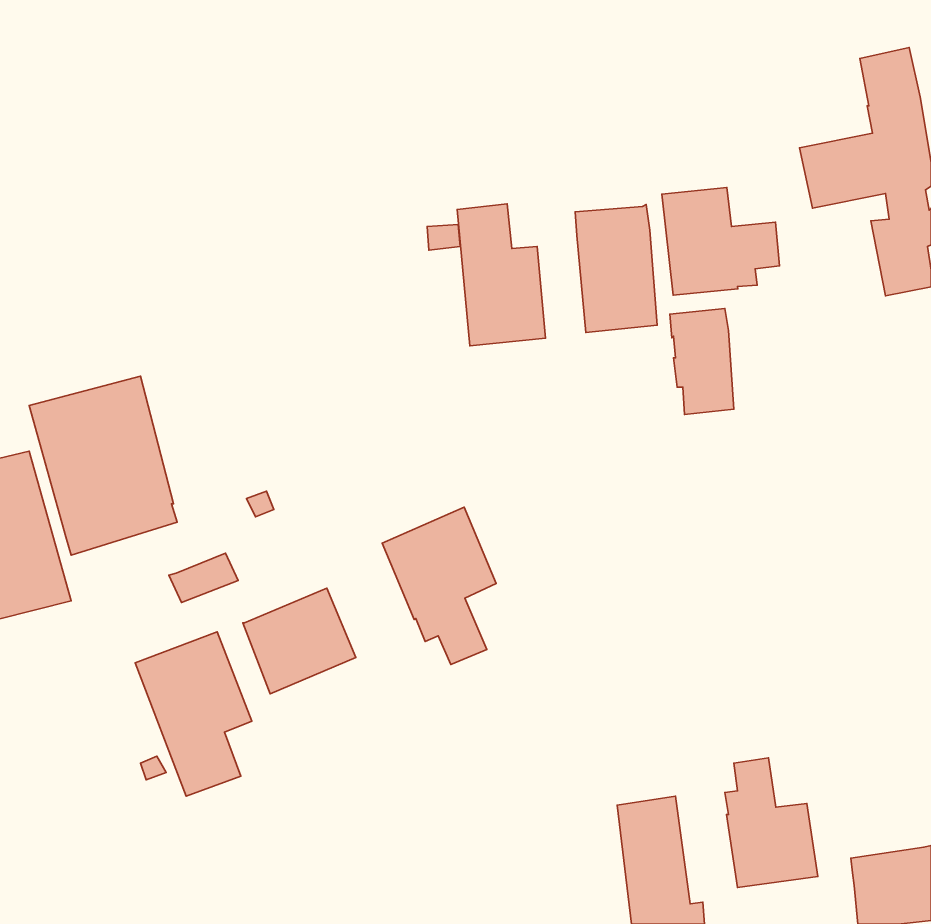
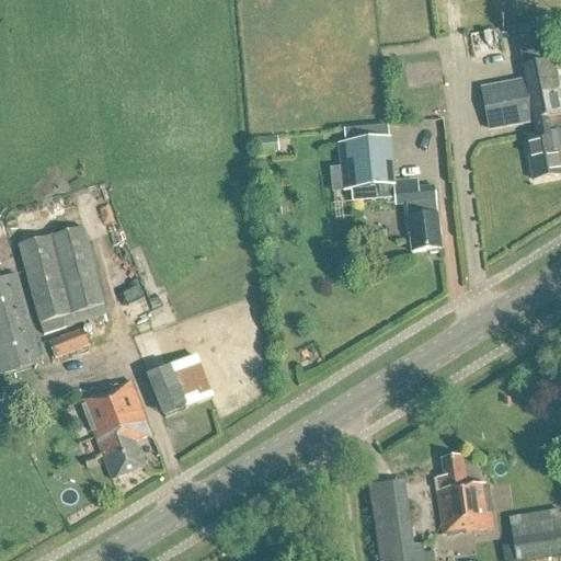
building: [662,188,780,295] -> none
building: [457,204,546,346] -> none
building: [382,507,496,664] -> none
building: [169,553,238,602] -> [47,327,89,356]

